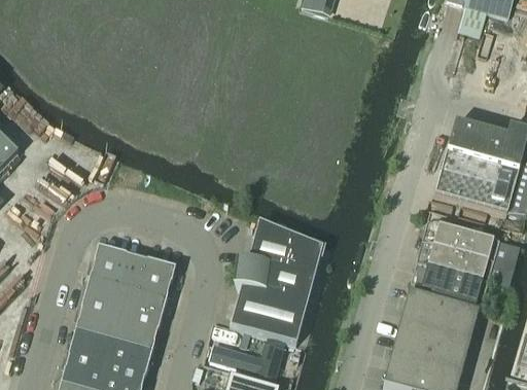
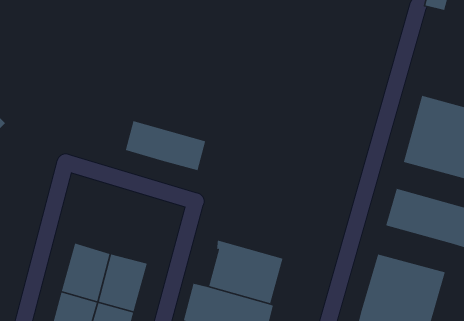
building: [240,219,323,294] -> none
building: [90,246,175,299] -> [125,120,206,171]
building: [411,260,488,308] -> none

